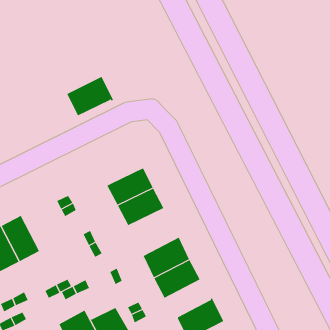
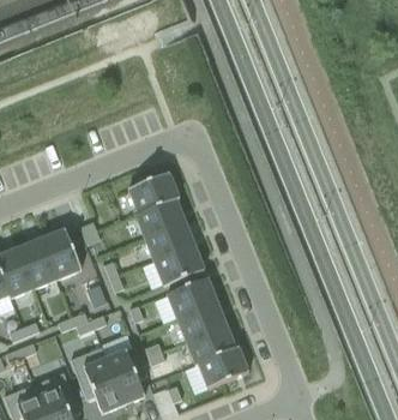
building: [66,76,114,116] -> [128,173,179,214]
building: none -> [40,229,82,280]
building: none -> [153,245,204,286]
building: none -> [186,325,235,366]

